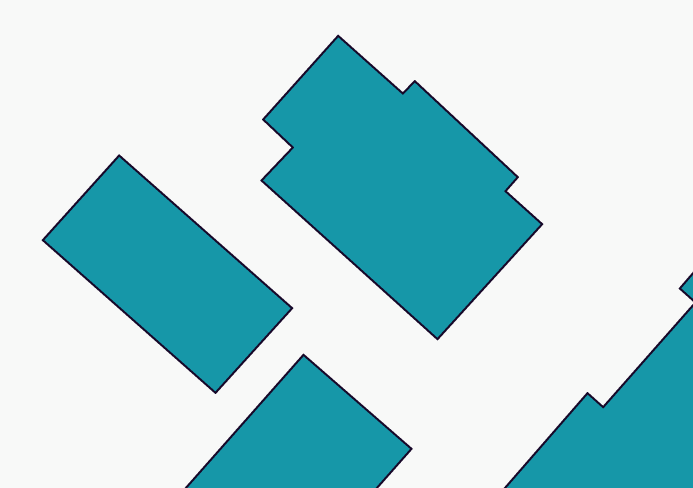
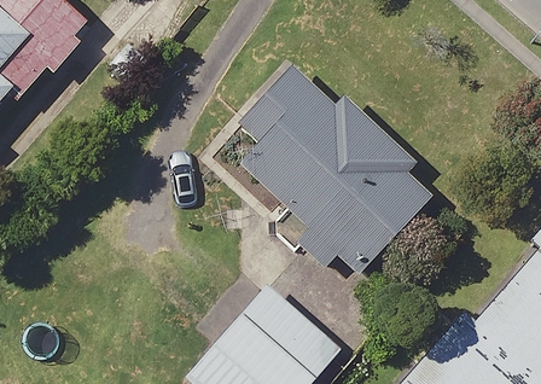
building: [43,155,292,393] -> none

